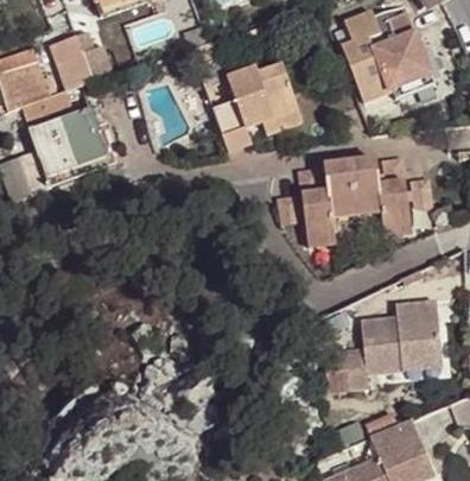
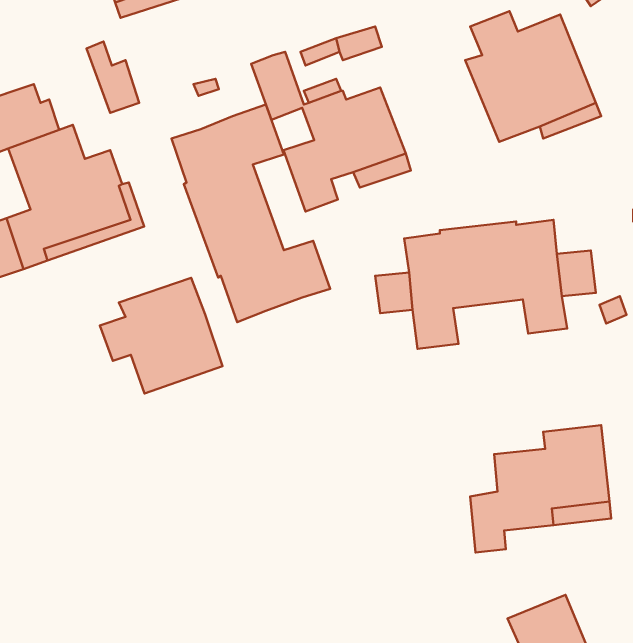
building: [50,36,91,89] -> none
building: none -> [171,104,330,322]
building: none -> [100,278,222,394]

